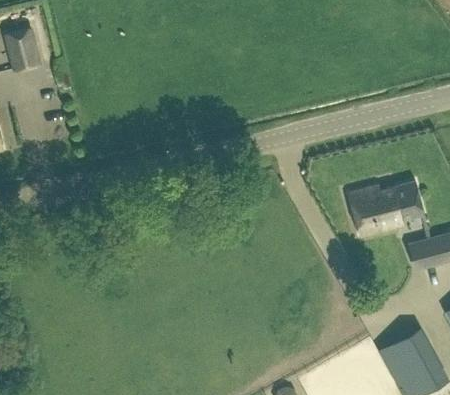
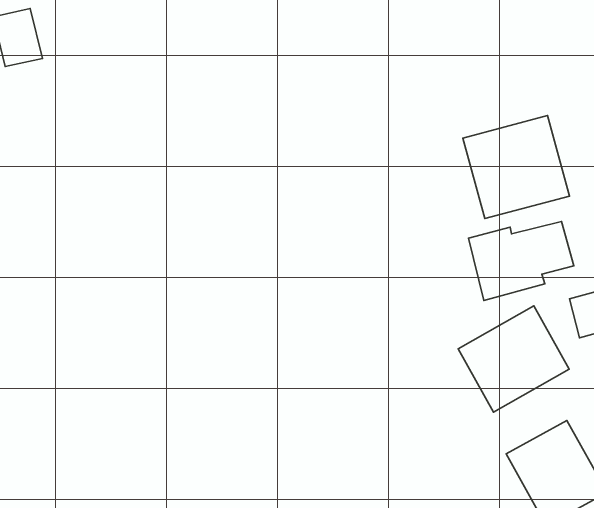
building: none -> [463,116,570,219]
building: none -> [458,306,569,412]

